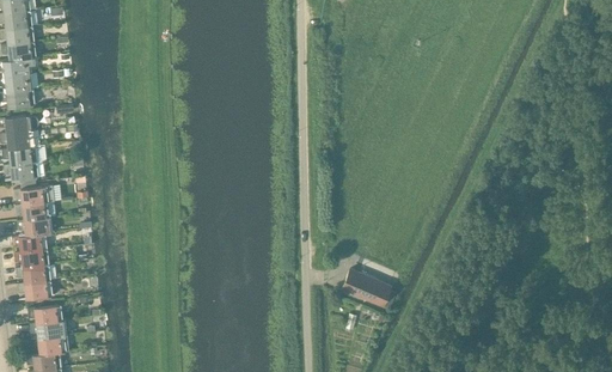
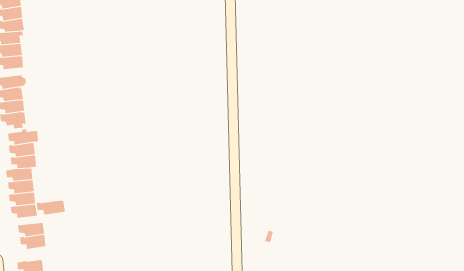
building: [342,270,396,306] -> none
building: [30,336,68,355] -> [36,200,66,215]

